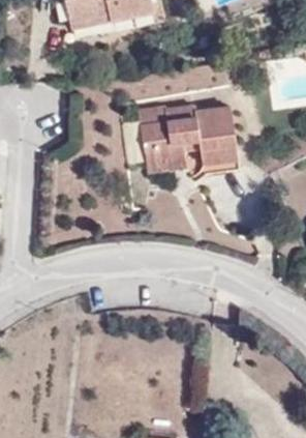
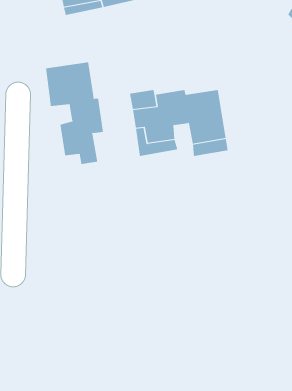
building: none -> [45,62,103,165]

